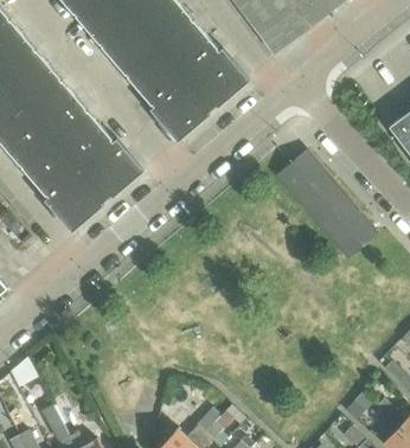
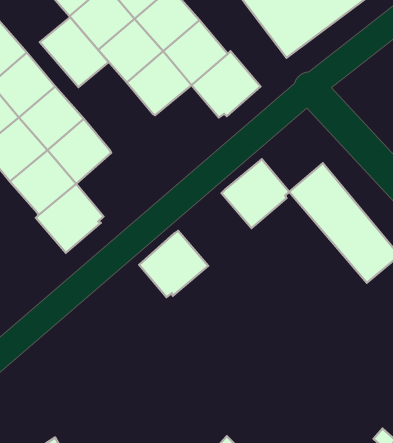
building: none -> [40,17,109,87]
building: [149,79,211,142] -> [221,159,289,228]
building: [81,139,143,199] -> [139,231,208,297]

